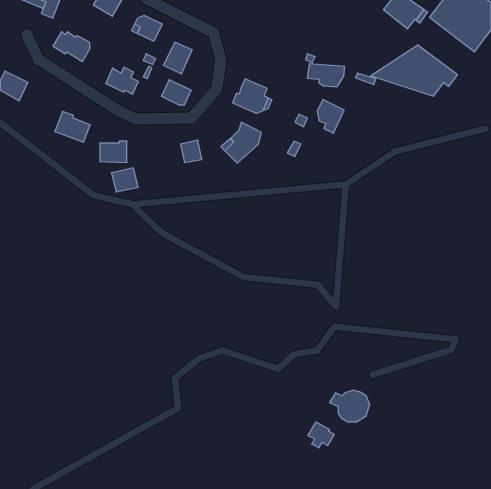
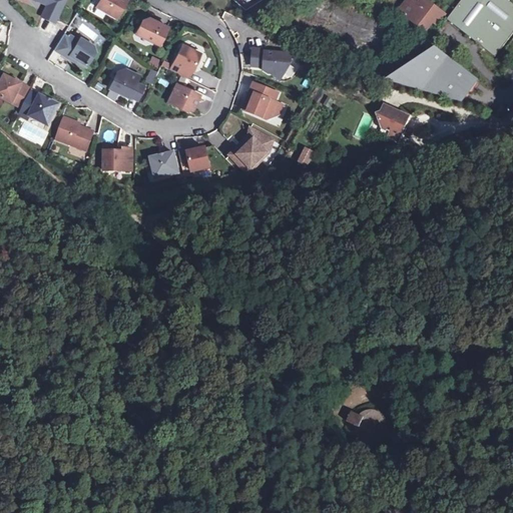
building: [307,64,345,87] -> [252,49,292,73]
building: none -> [19,89,59,124]
building: [317,100,344,133] -> [377,104,405,139]
building: [111,168,138,192] -> [151,151,179,176]
building: [308,422,334,448] -> none

